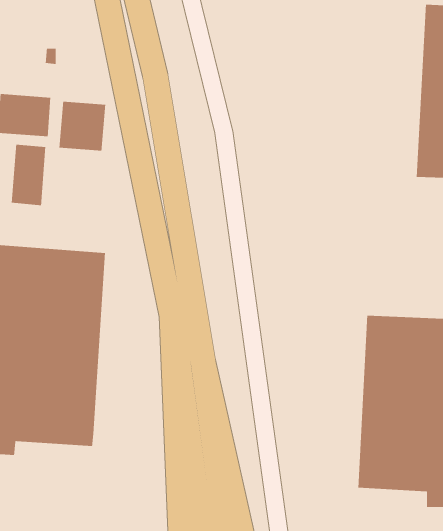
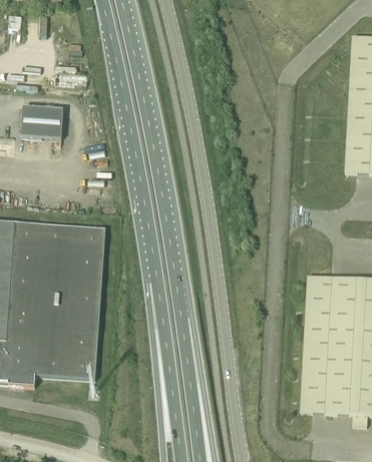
building: [59,101,106,151] -> none
building: [11,144,46,206] -> none

